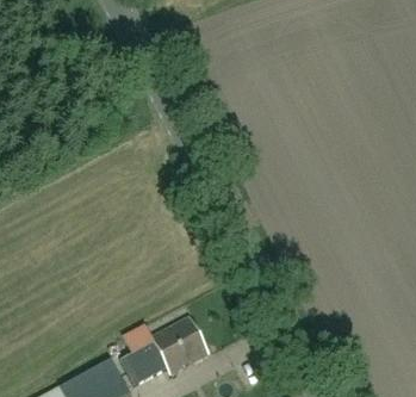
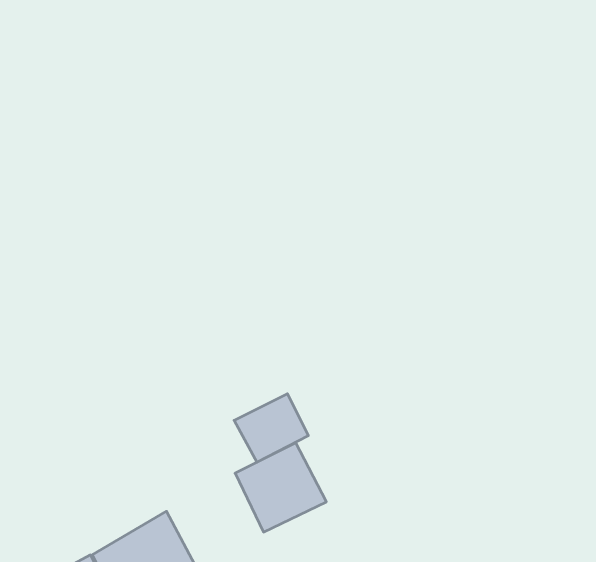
building: [119,341,166,384] -> [234,394,308,462]

